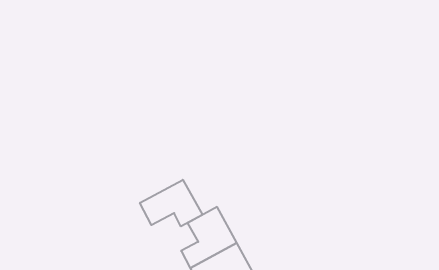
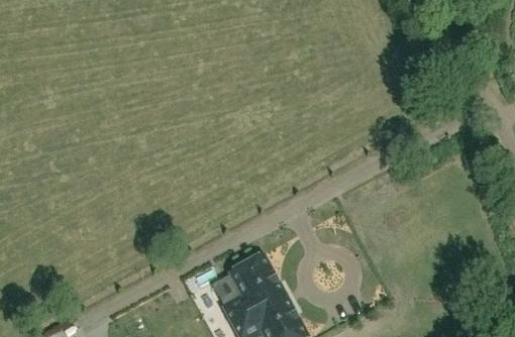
building: [140,180,202,226] -> none

